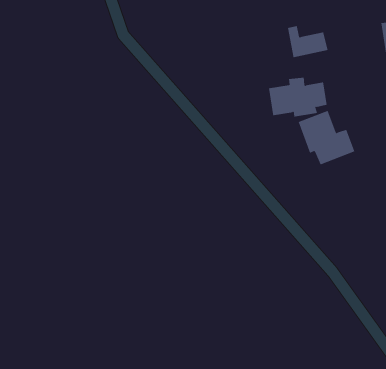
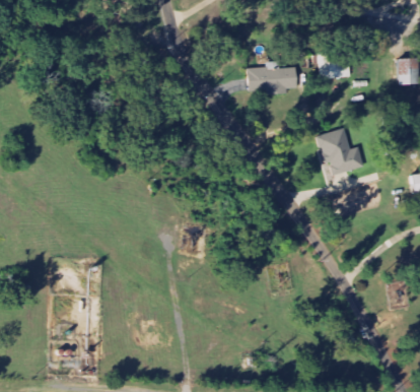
building: [268,77,328,117] -> [247,61,296,94]

